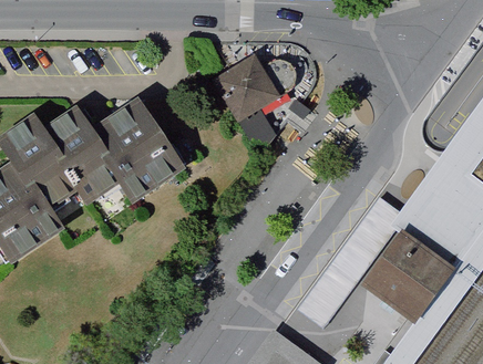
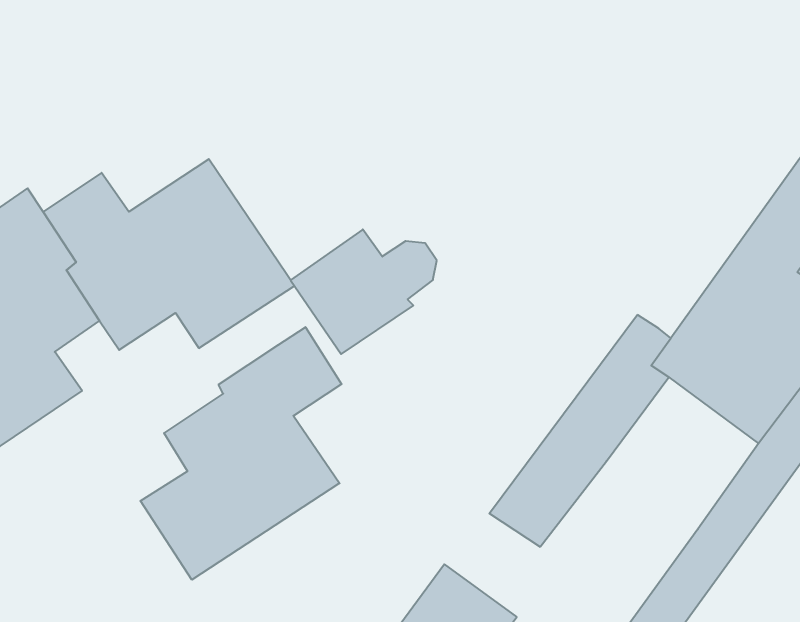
building: [219,55,302,126] -> [291,229,437,354]
building: none -> [140,327,342,580]
building: [366,222,452,309] -> none

